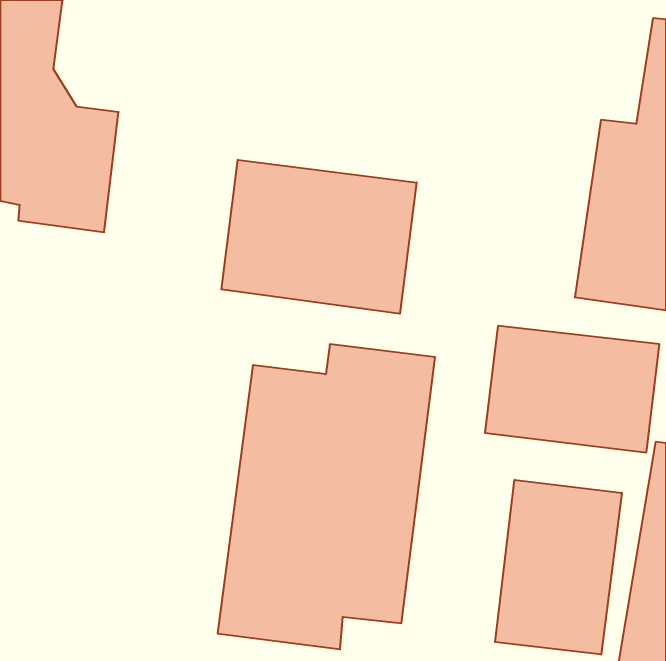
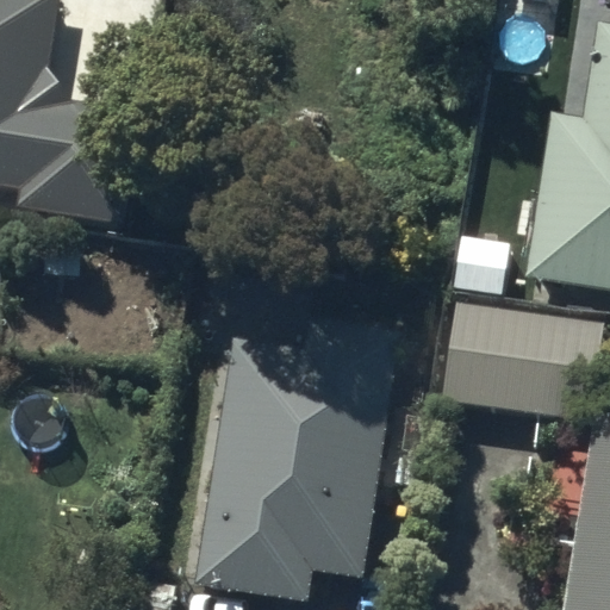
building: [221,160,417,314] -> none
building: [495,480,622,655] -> none

